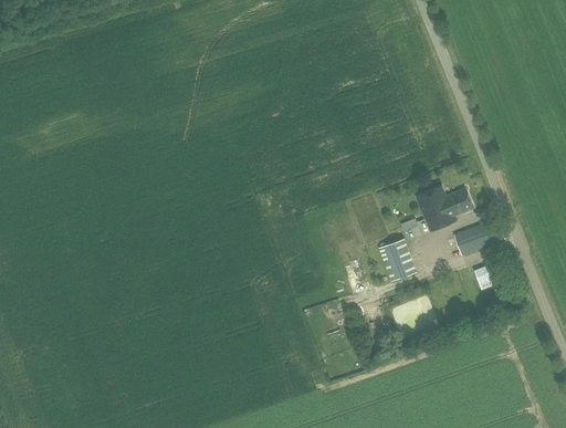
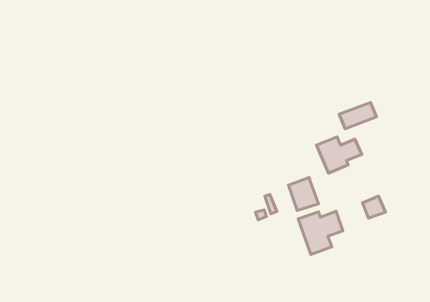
building: [454,220,503,254] -> [339,102,377,129]
building: none -> [298,211,343,255]

